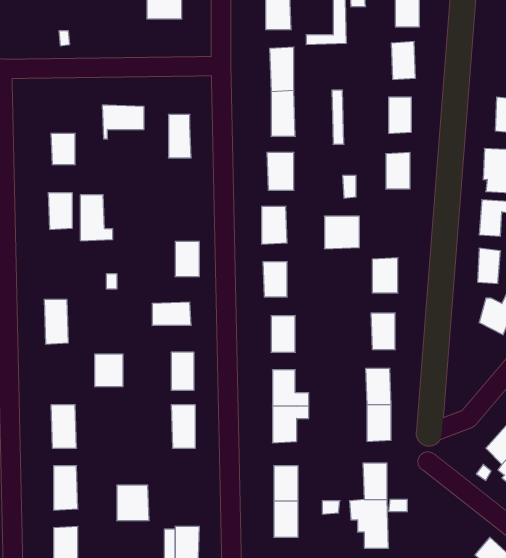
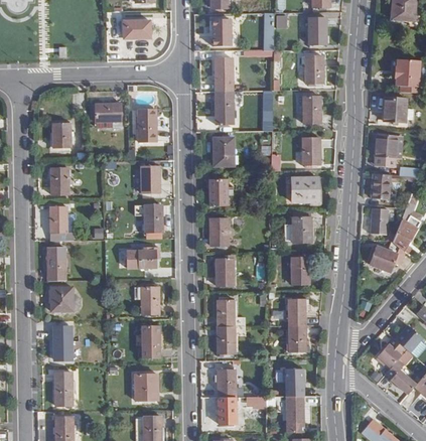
building: none -> [141,166,159,192]
building: [80,195,113,241] -> [48,205,73,240]
building: [324,216,359,249] -> [291,177,317,201]
building: [95,354,123,386] -> [48,286,69,310]
building: [117,485,149,520] -> [135,373,159,399]

